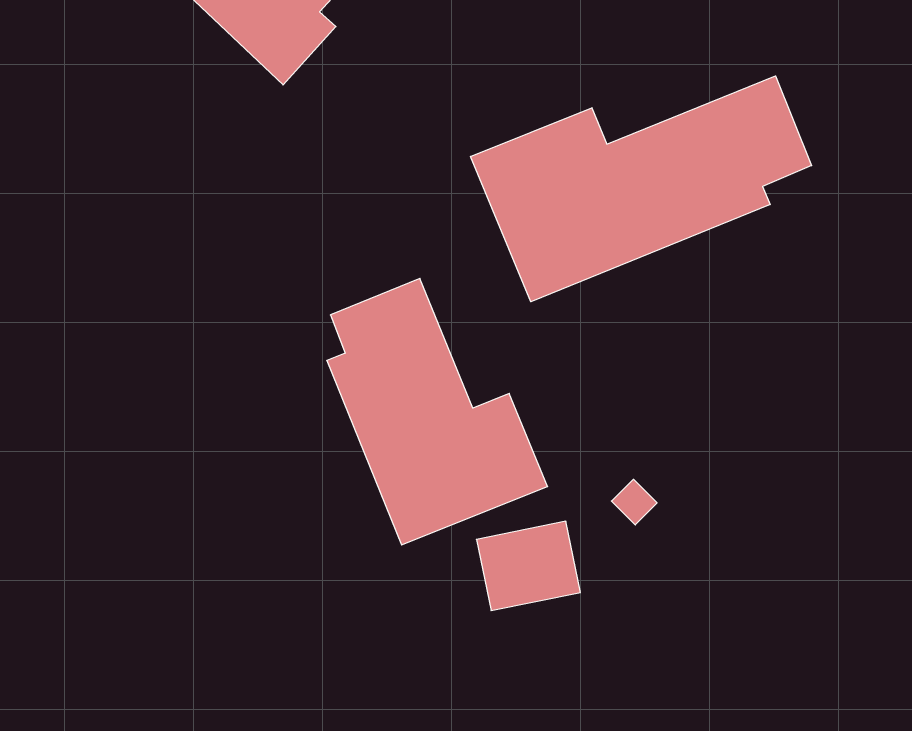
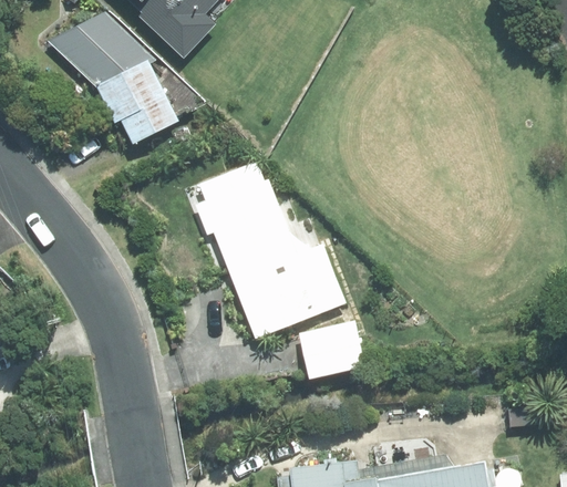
building: none -> [50,13,177,143]
building: [471,76,812,302] -> none

